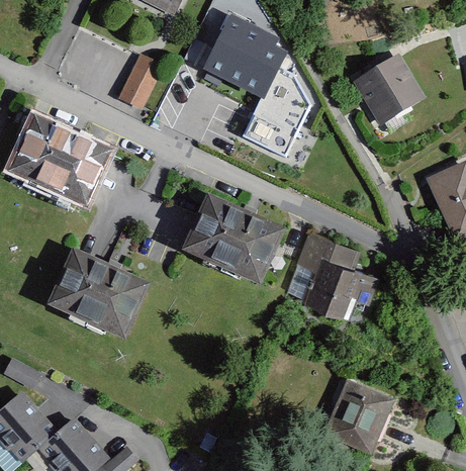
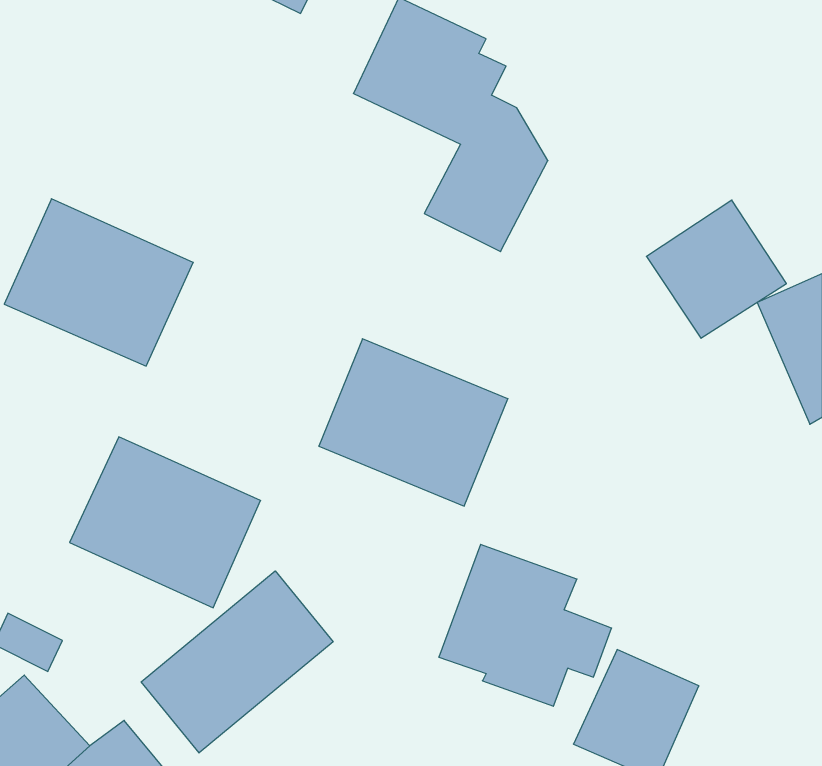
building: [349,49,427,125] -> [646,200,786,338]
building: [117,53,164,107] -> none
building: [282,229,378,319] -> [439,544,612,706]
building: none -> [141,571,333,753]

